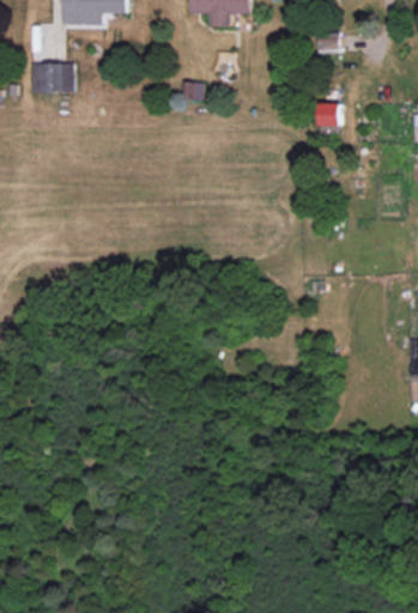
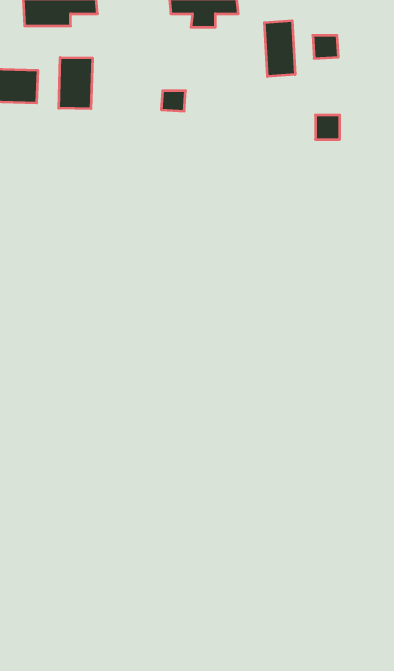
building: none -> [264,21,295,77]
building: none -> [59,57,92,109]

